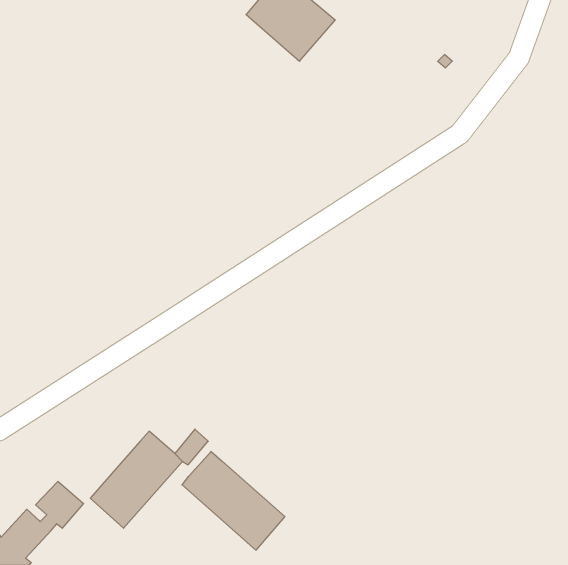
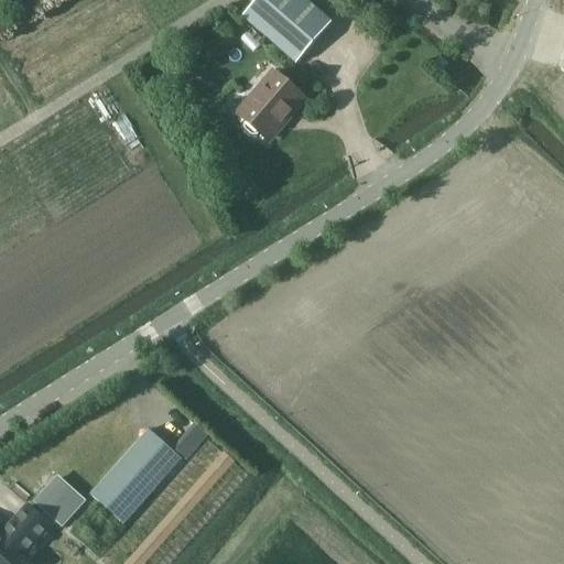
building: none -> [238,69,304,137]
building: [182,451,285,550] -> none

